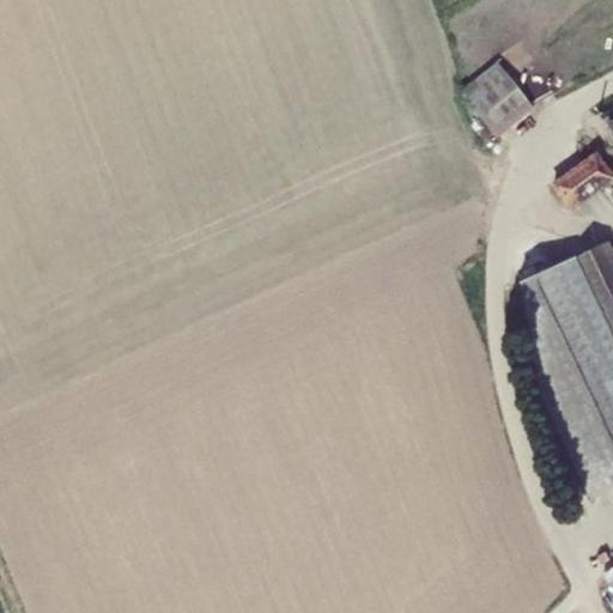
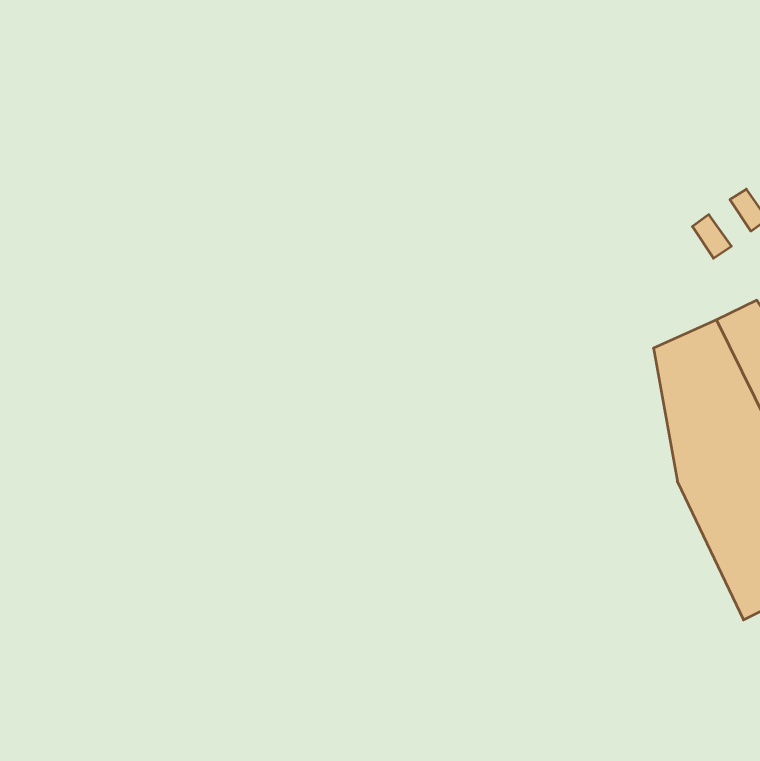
building: [463,59,538,133] -> none

